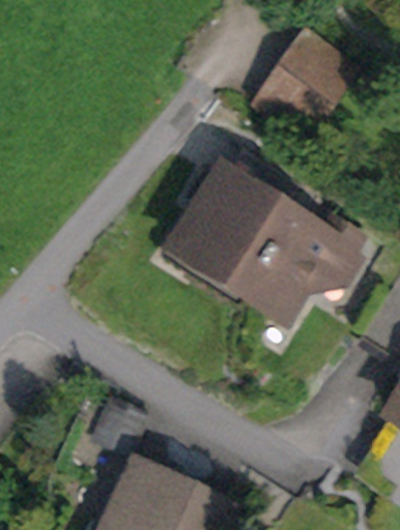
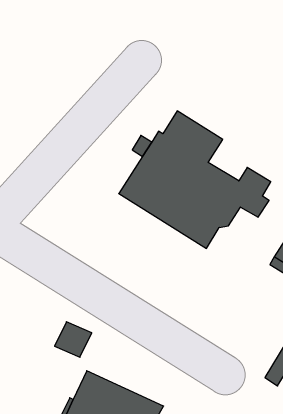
building: [261,40,352,140] -> none

